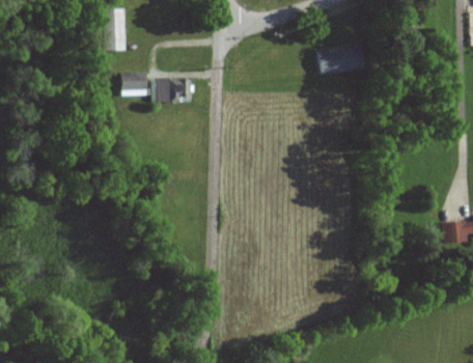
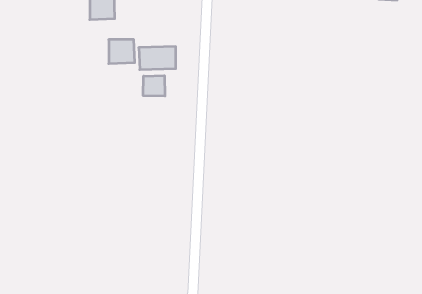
building: [317,48,355,73] -> none
building: none -> [143,76,165,96]

